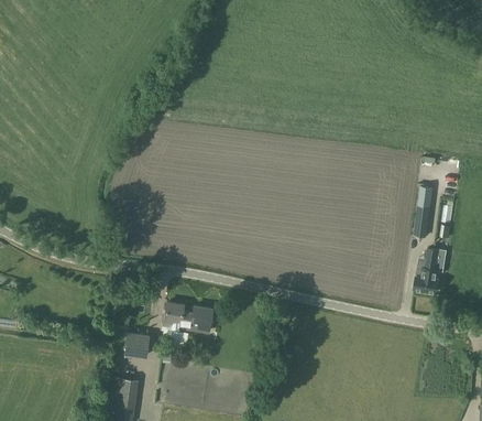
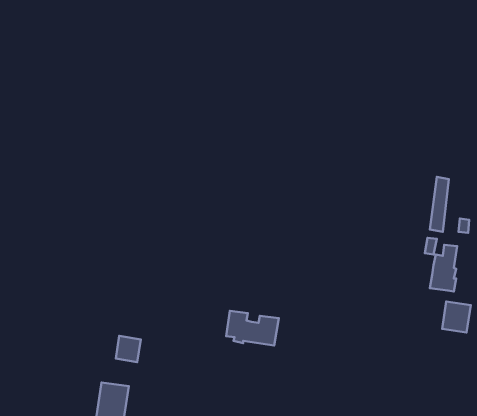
building: none -> [442,302,471,332]
building: [165,302,213,334] -> [226,311,279,346]

